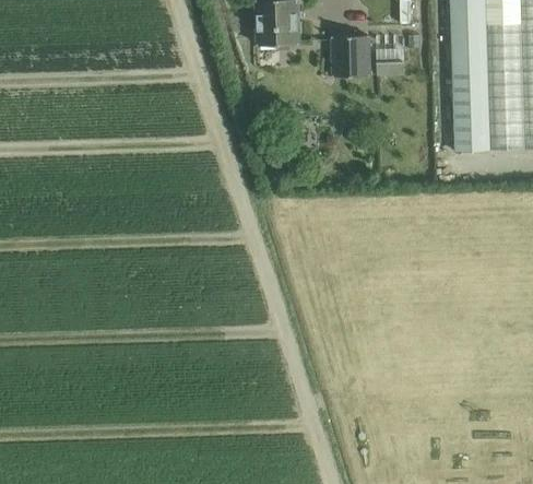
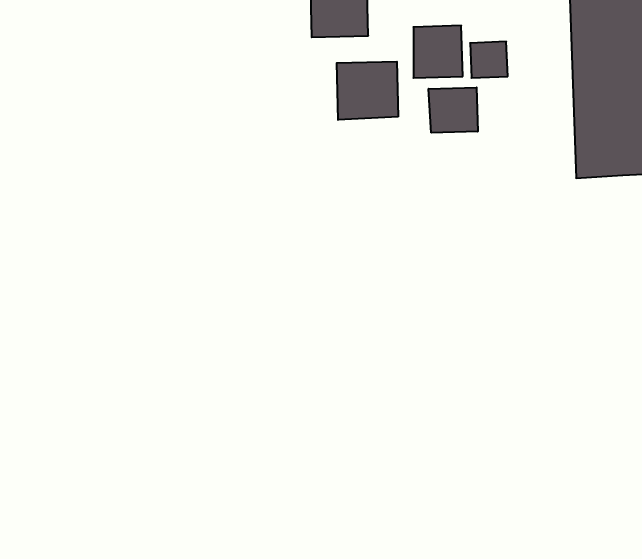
building: none -> [337,62,398,120]
building: none -> [429,87,478,133]

